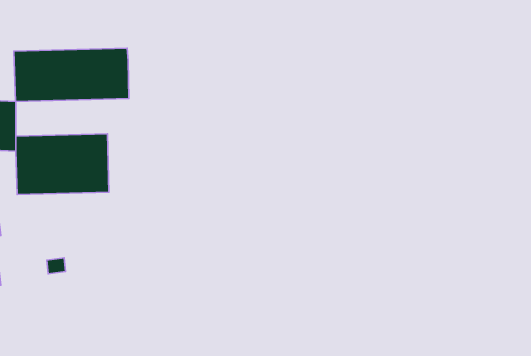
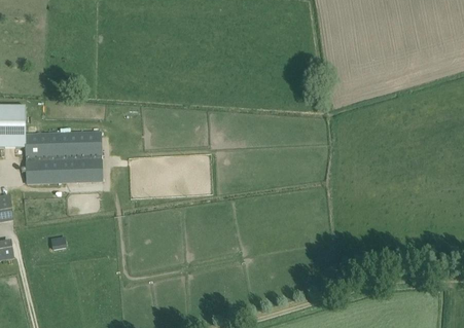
building: [14,48,129,101] -> none

